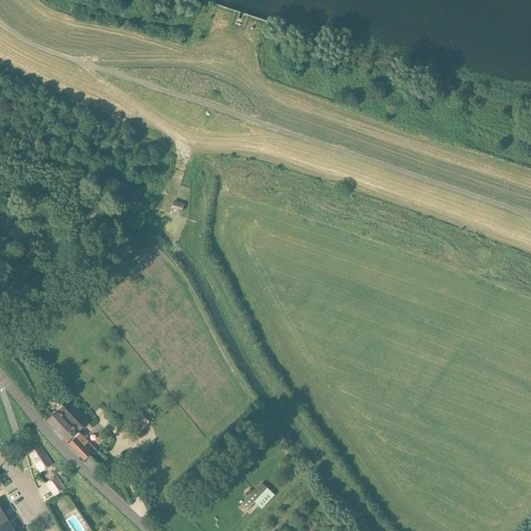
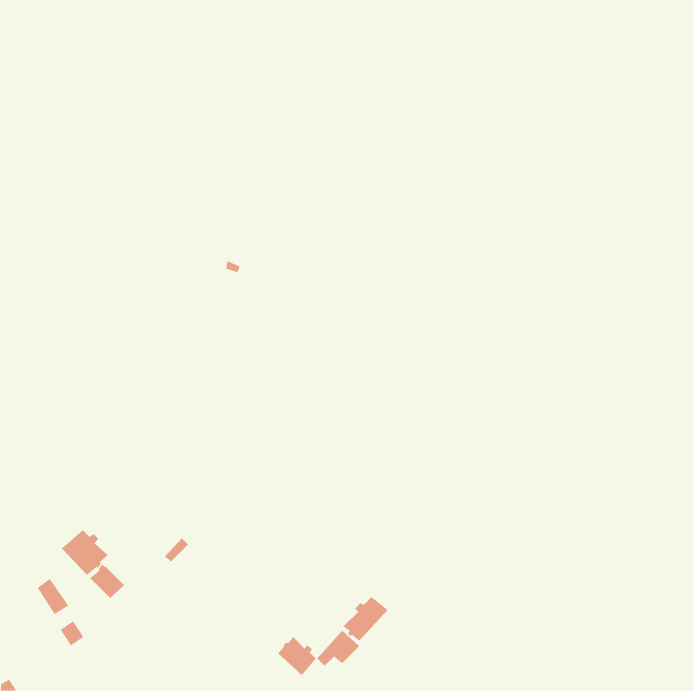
building: none -> [342,596,388,642]
building: none -> [277,636,316,676]

